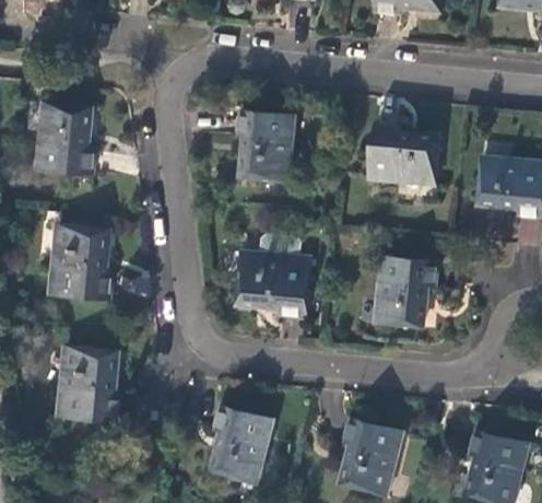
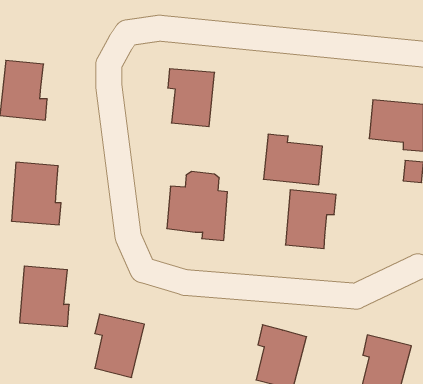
building: [368,126,438,186] -> [263,134,322,185]
building: [213,408,272,483] -> [95,314,144,377]

